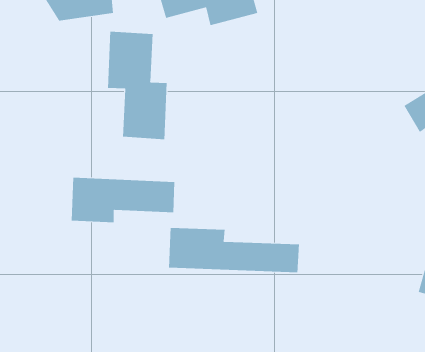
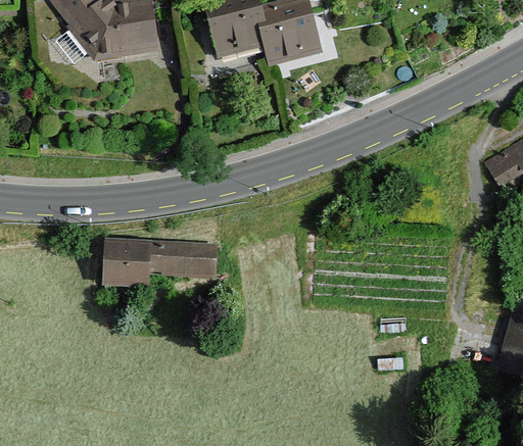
building: [108,31,167,140] -> none
building: [168,227,300,273] -> none

